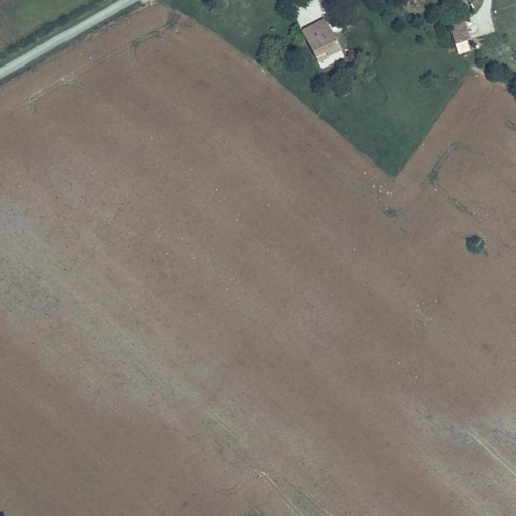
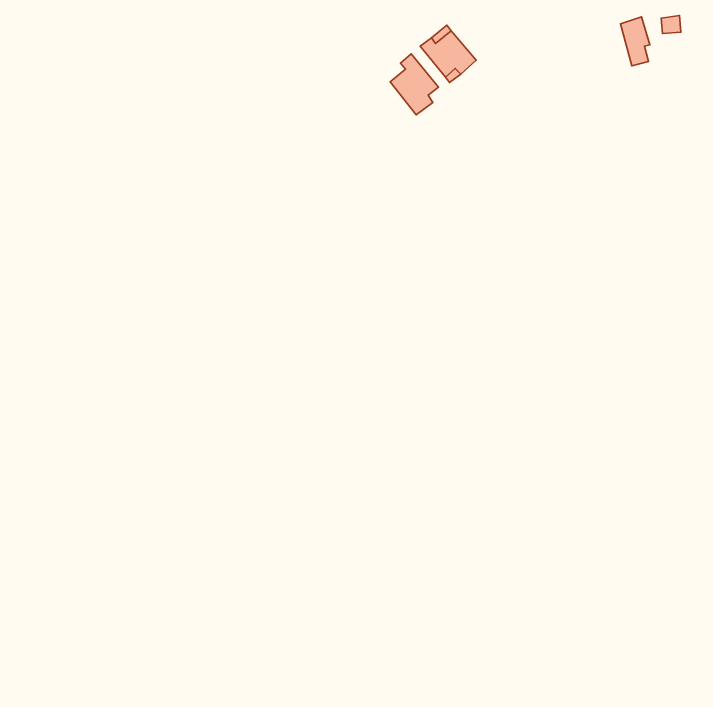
building: none -> [390,54,438,115]

